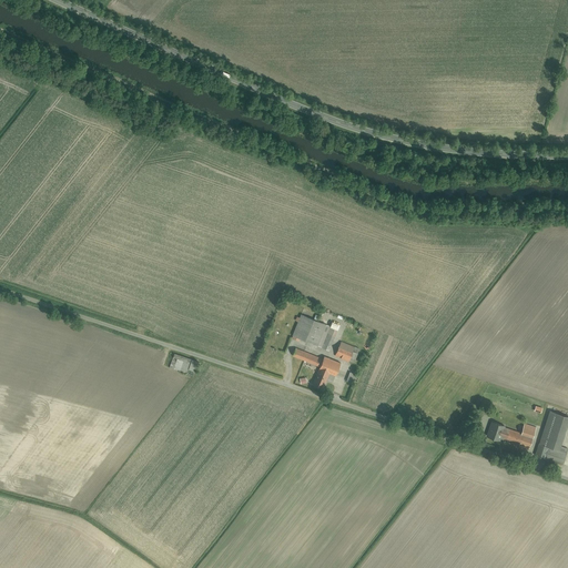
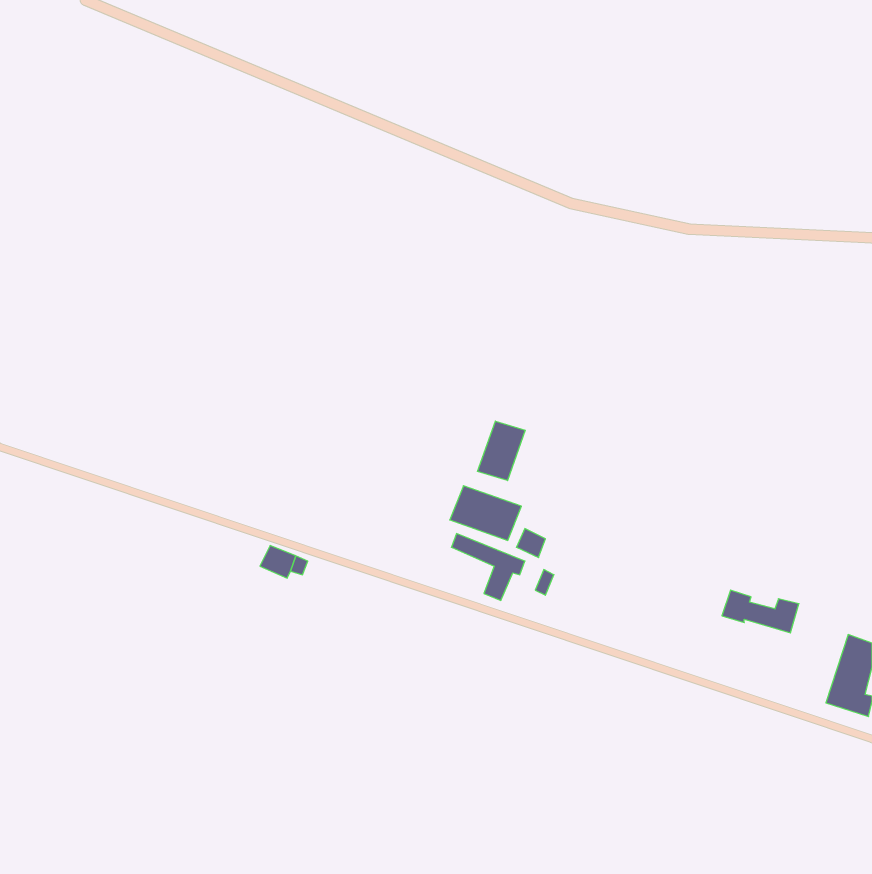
building: none -> [478,421,525,481]
building: [486,420,536,448] -> [722,590,799,633]

